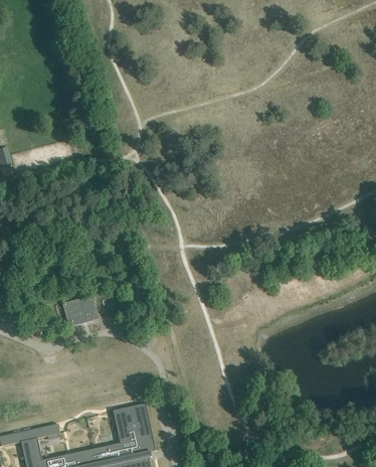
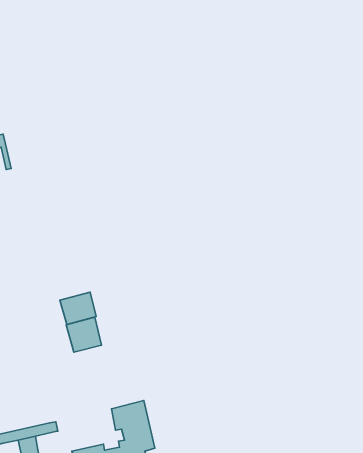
building: none -> [66,317,102,352]

